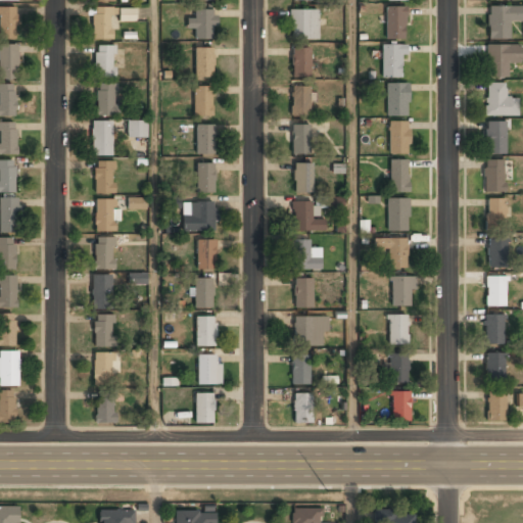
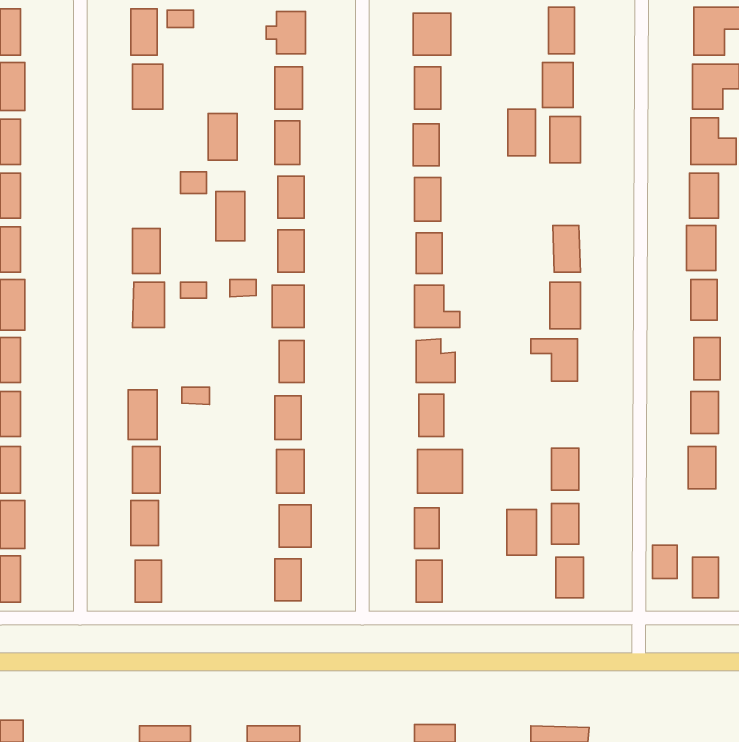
building: [98,83,118,115] -> [208,114,237,160]
building: [390,120,410,152] -> [508,109,535,156]
building: [93,121,113,155] -> [216,191,245,241]
building: [96,235,115,269] -> none
building: [392,277,415,305] -> none
building: [488,351,506,375] -> [653,545,677,578]
building: none -> [507,510,537,555]

